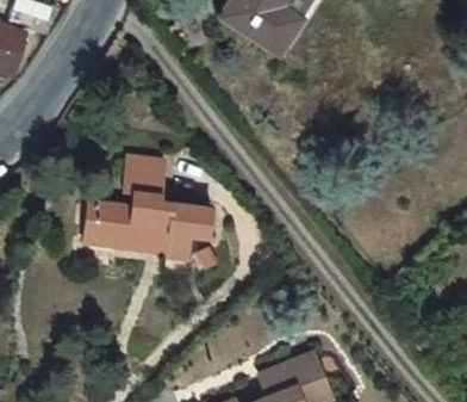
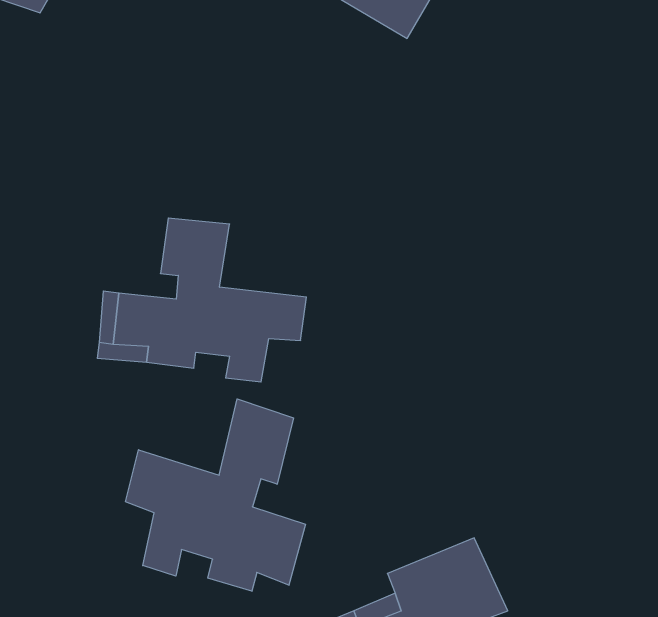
building: none -> [125,399,305,591]

